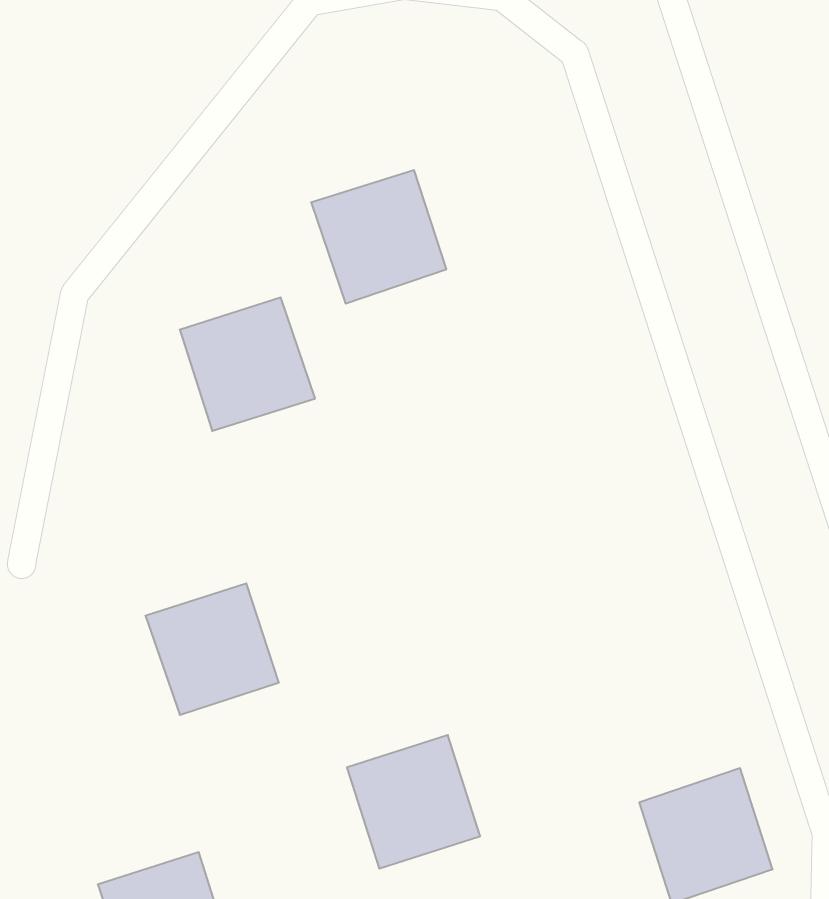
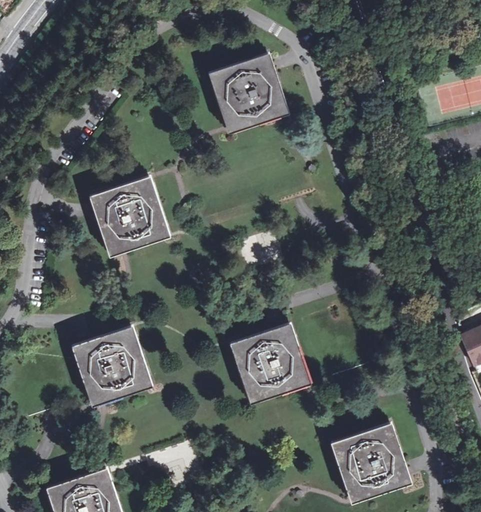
building: [311,170,446,303] -> [213,58,284,128]
building: [347,735,480,869] -> [235,327,305,397]

